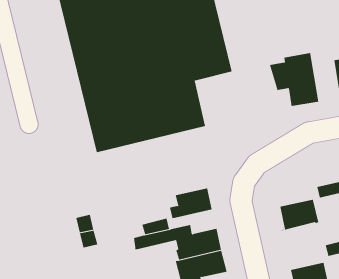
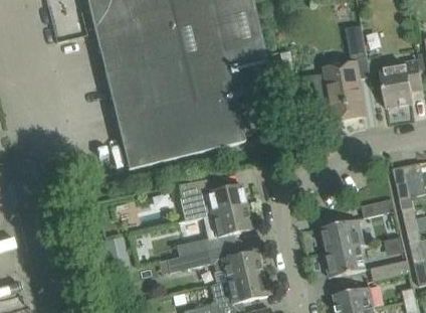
building: none -> [346,25,367,59]
building: none -> [179,178,246,220]
building: none -> [324,244,366,277]

